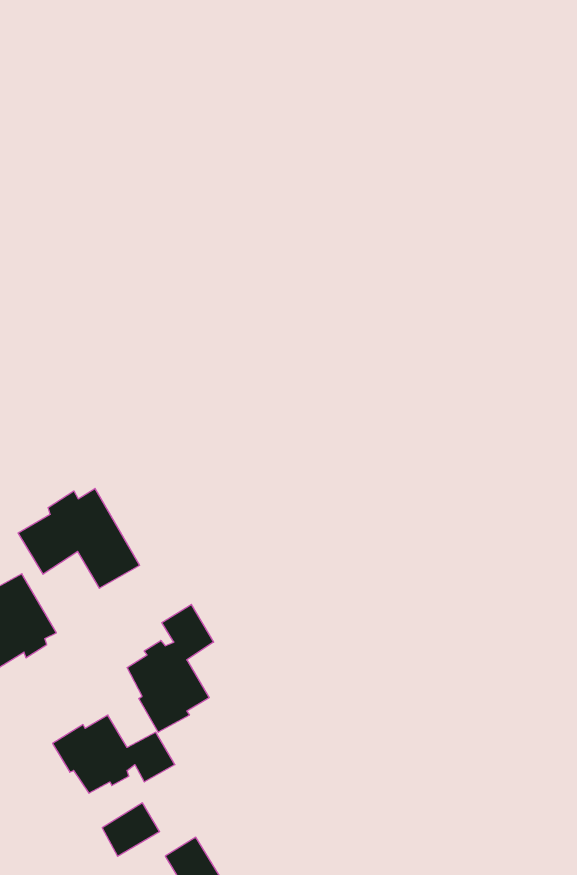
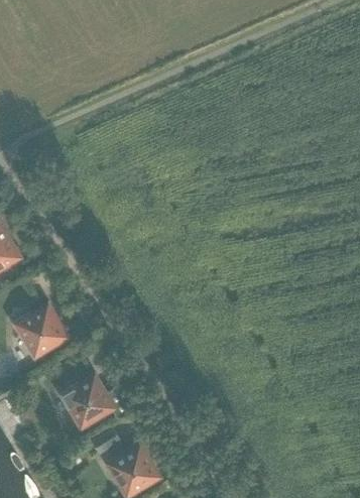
building: [18,488,140,588] -> none
building: [127,604,214,732] -> none

